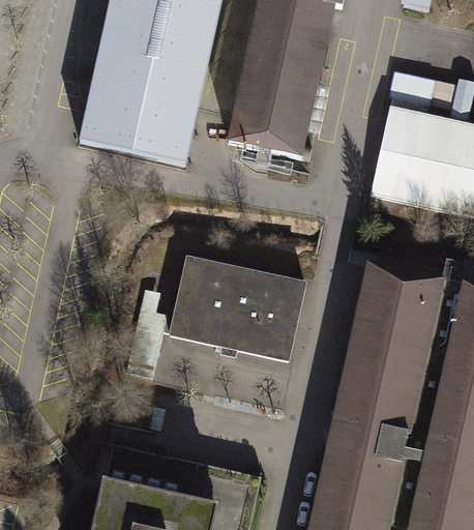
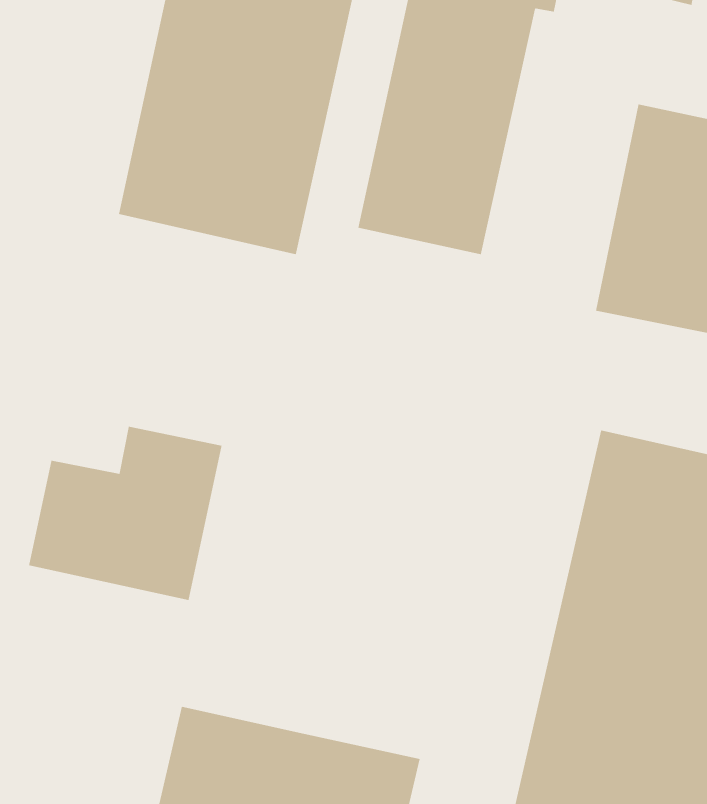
building: [170,258,309,367] -> none
building: none -> [28,426,222,601]

